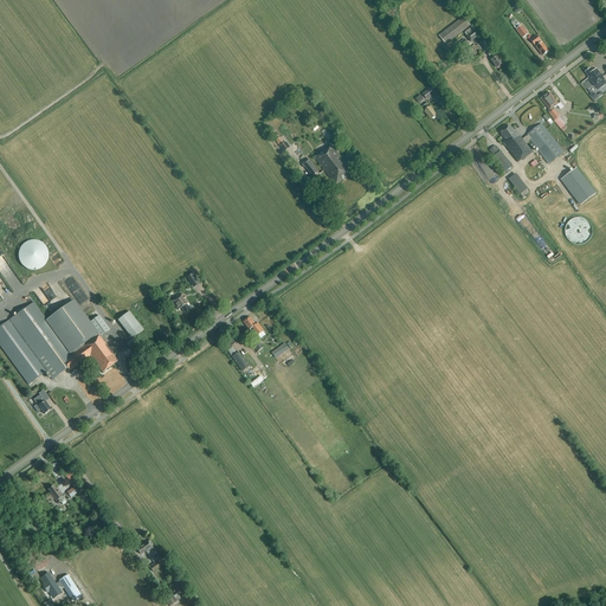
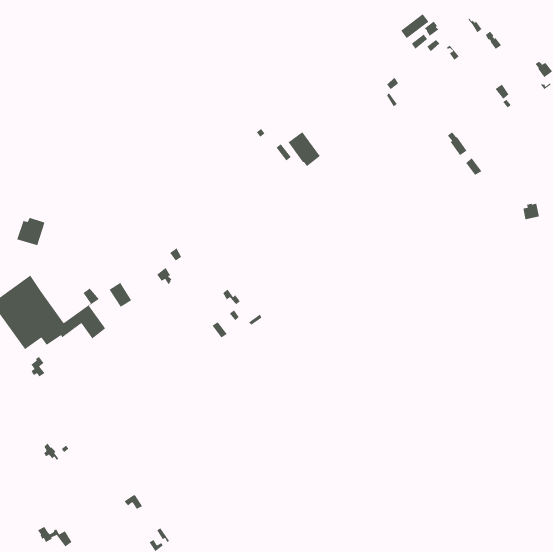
building: [499,122,562,162] -> none
building: [560,166,595,204] -> none
building: [45,297,98,352] -> none

